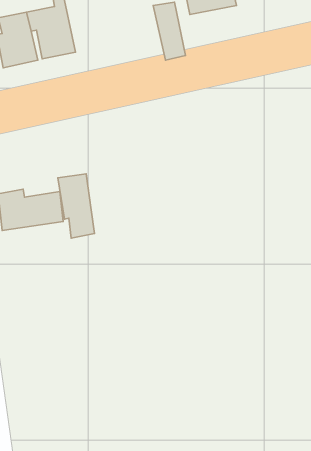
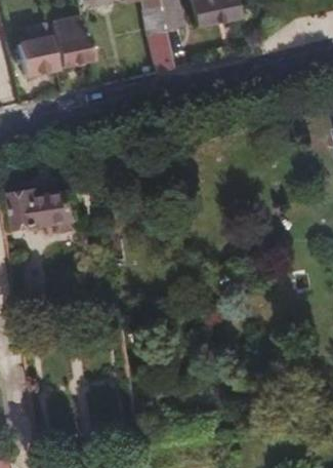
building: [58,174,94,238] -> none

